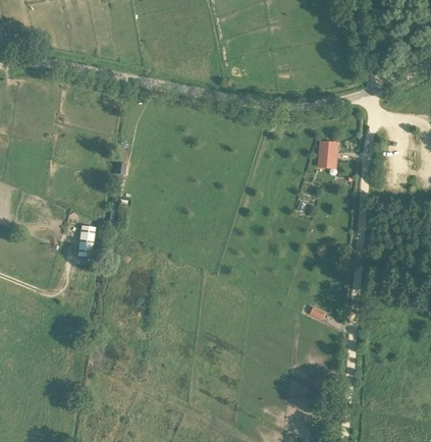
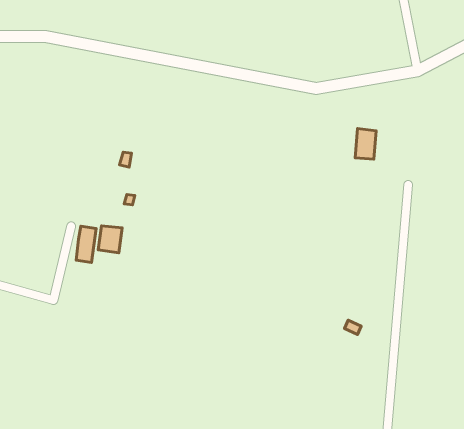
building: none -> [98,226,122,253]

